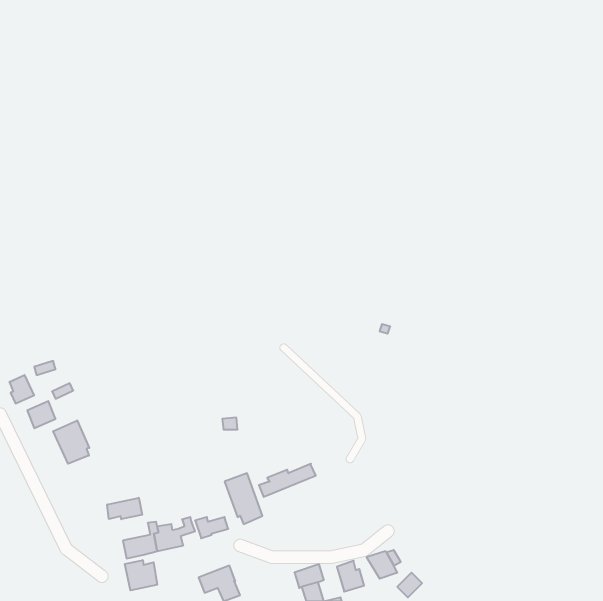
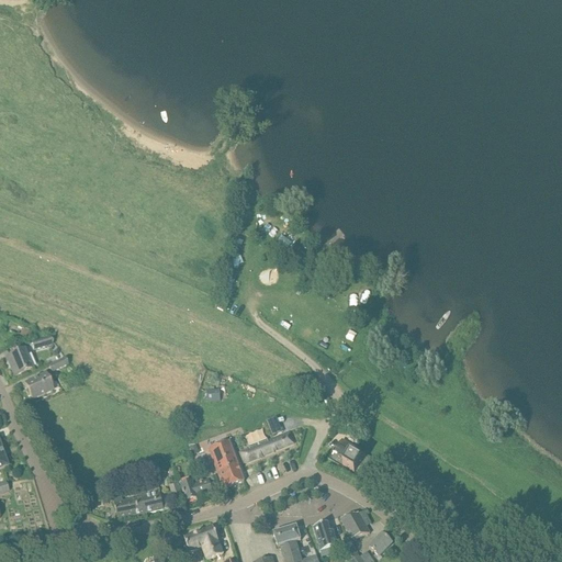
building: [53,420,89,464] -> none
building: none -> [328,436,362,471]
building: [107,498,142,519] -> none
building: [125,560,157,590] -> none

